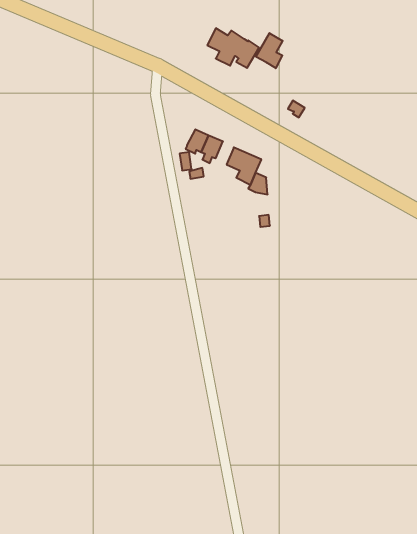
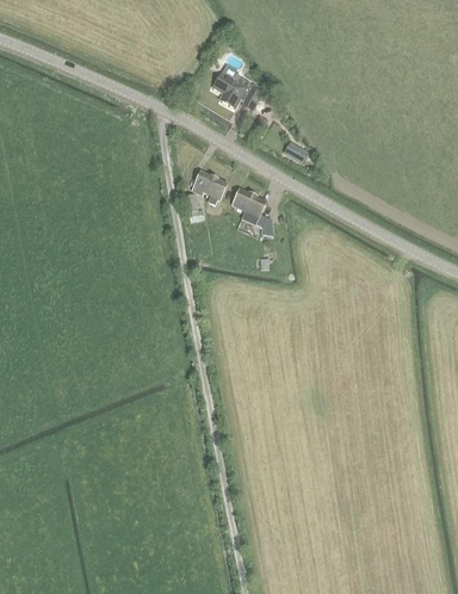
building: [256,33,283,68] -> none

